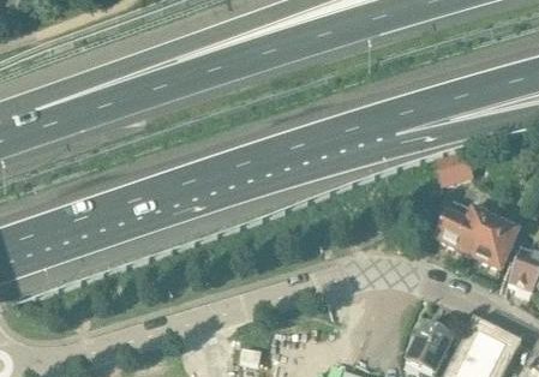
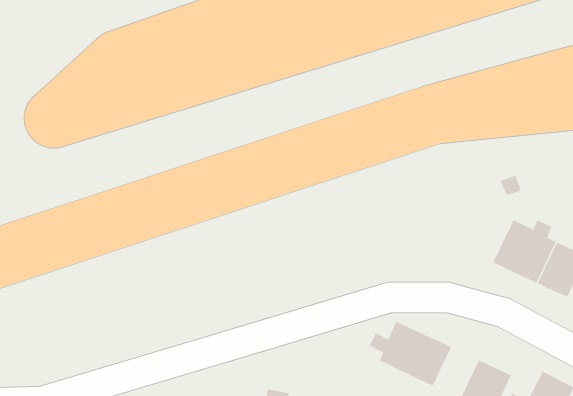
building: none -> [369,321,452,387]

